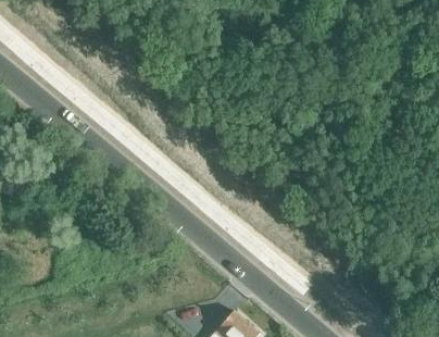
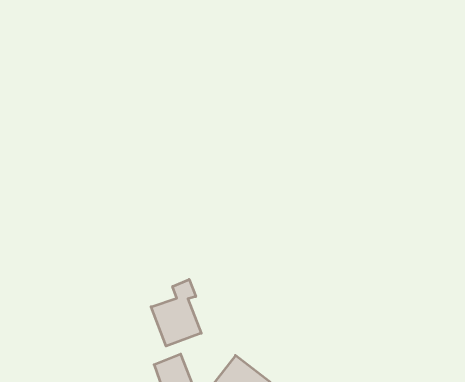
building: none -> [151,279,201,346]

